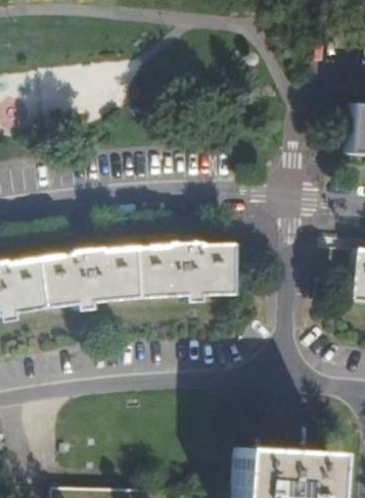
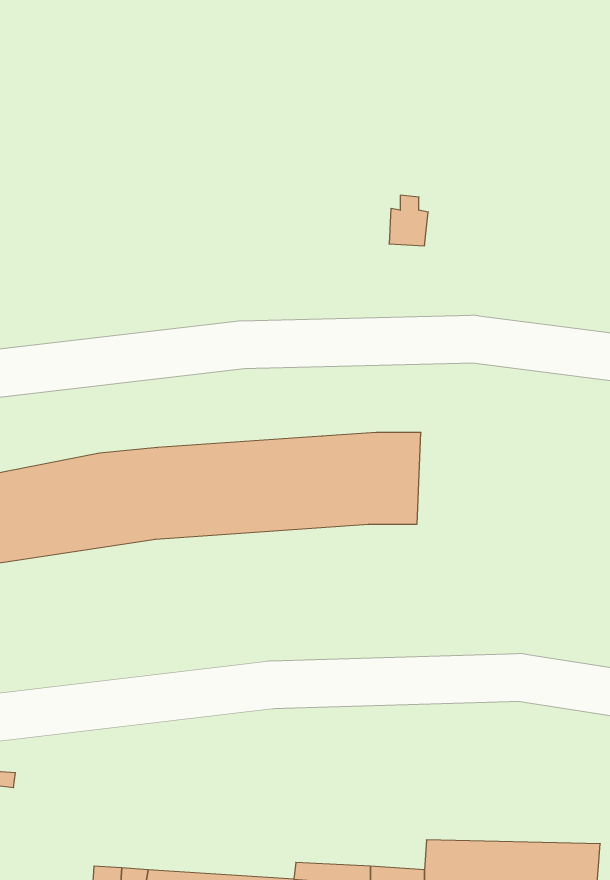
building: [234,445,330,467] -> none

